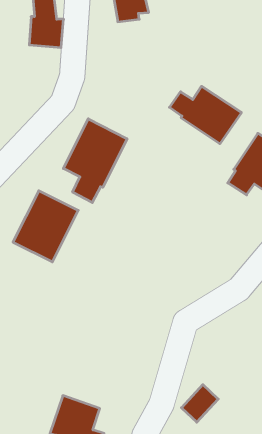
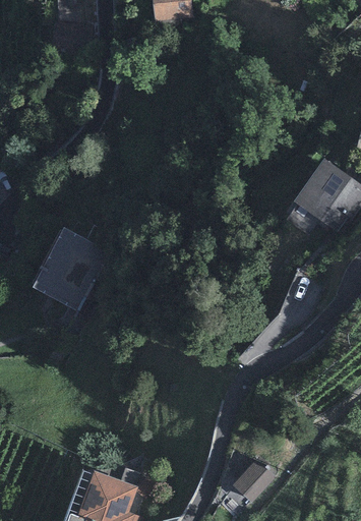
building: [169,86,241,144] -> none
building: [63,119,127,203] -> none

